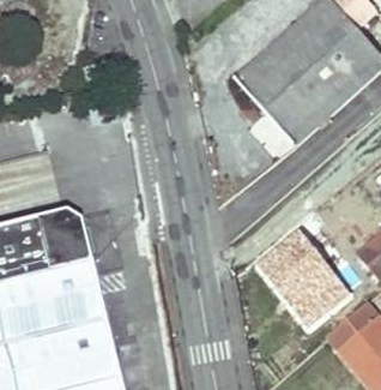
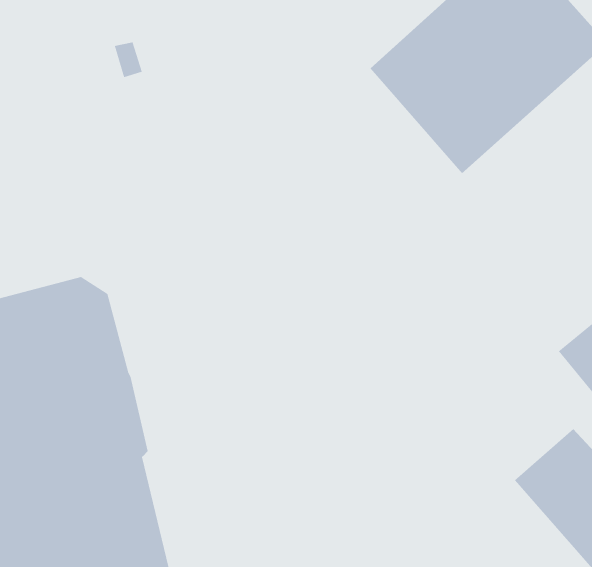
building: [264,234,347,323] -> none

